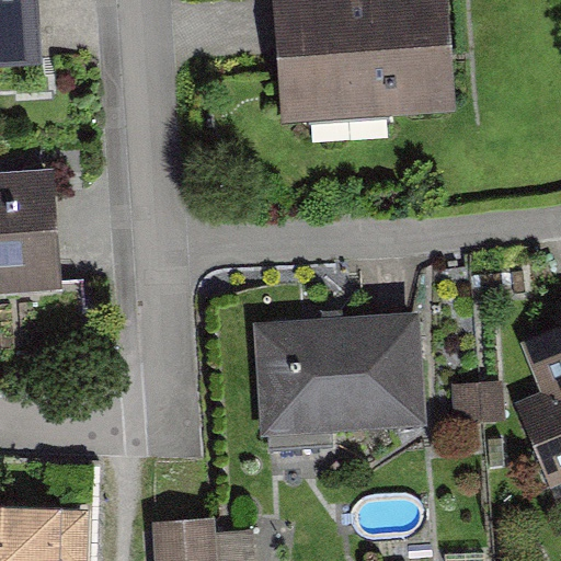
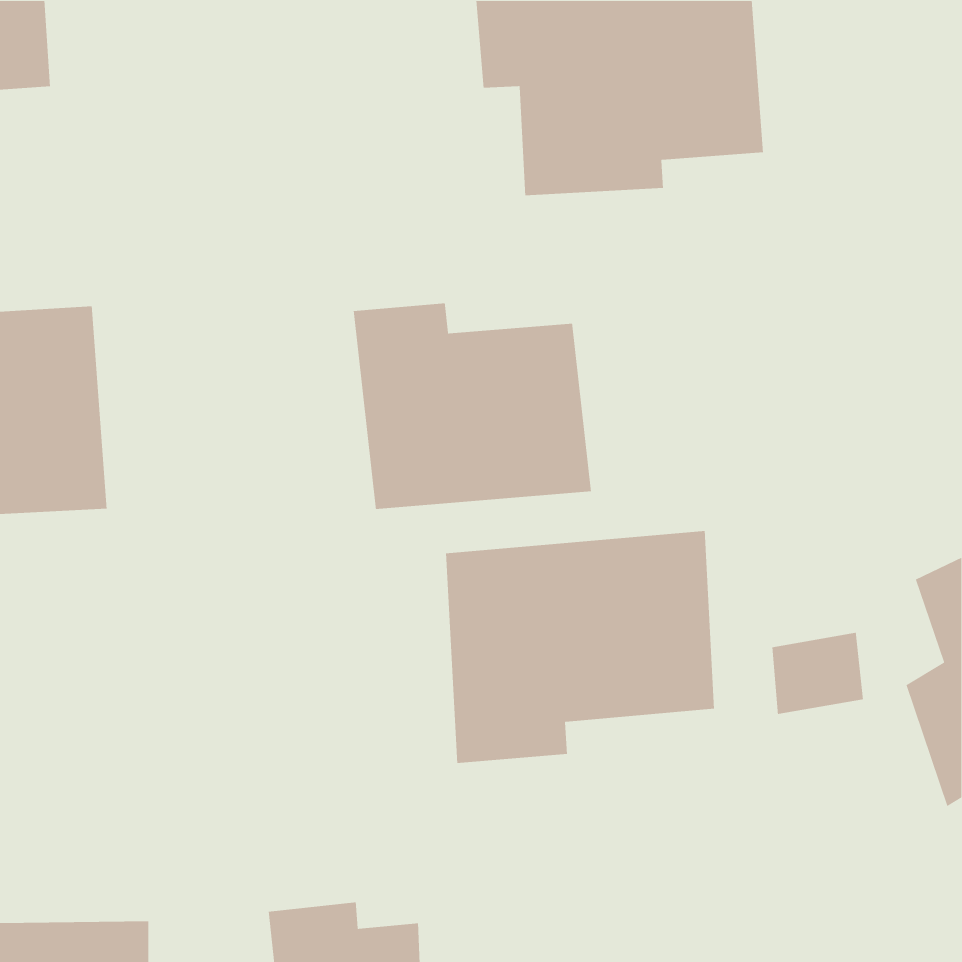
building: none -> [353,303,592,510]

